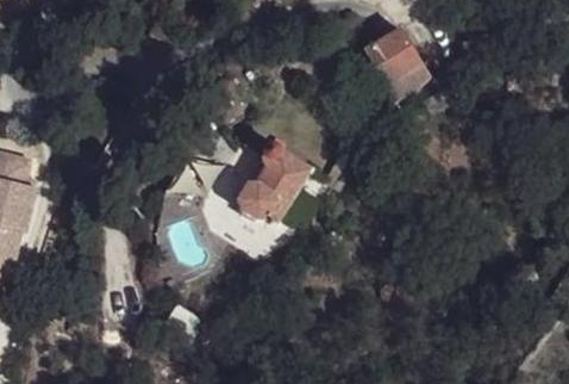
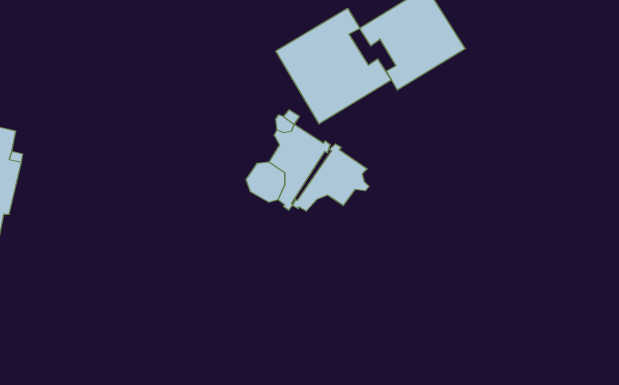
building: none -> [276,8,391,124]
building: none -> [292,144,369,211]

